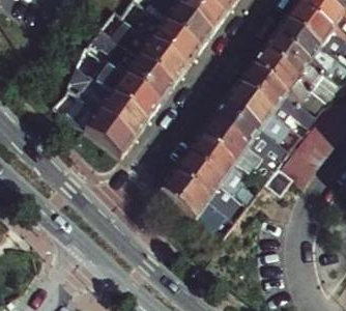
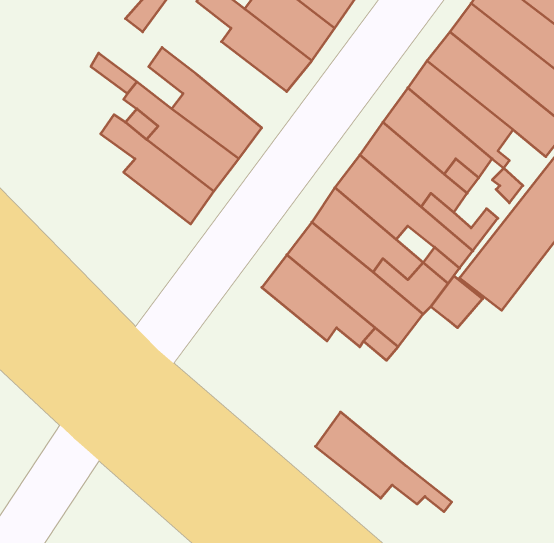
building: [132,26,186,84] -> none
building: [60,84,135,156] -> none
building: [160,170,233,224] -> [315,412,452,512]

